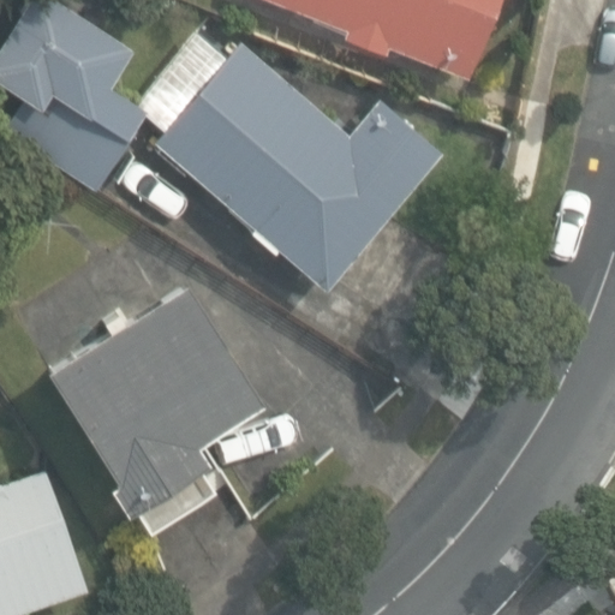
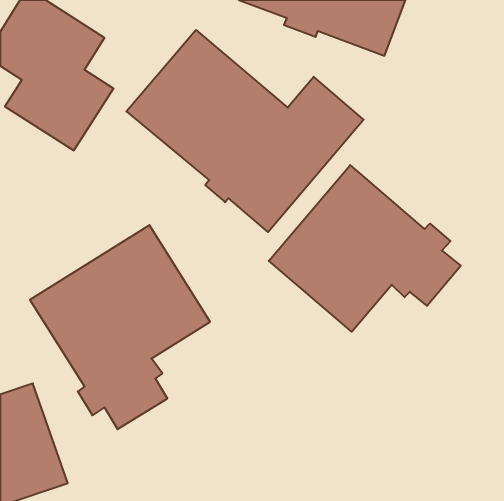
building: none -> [269,165,461,332]

